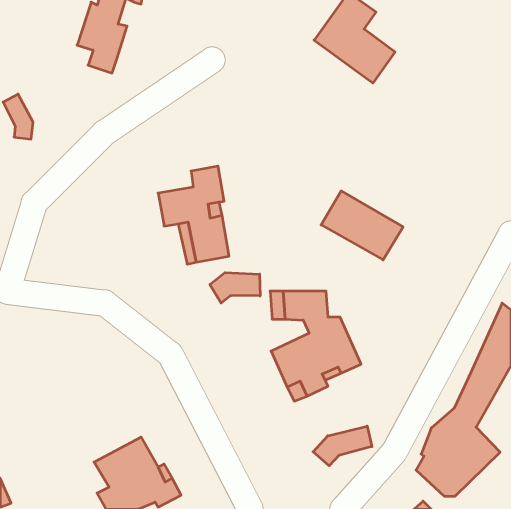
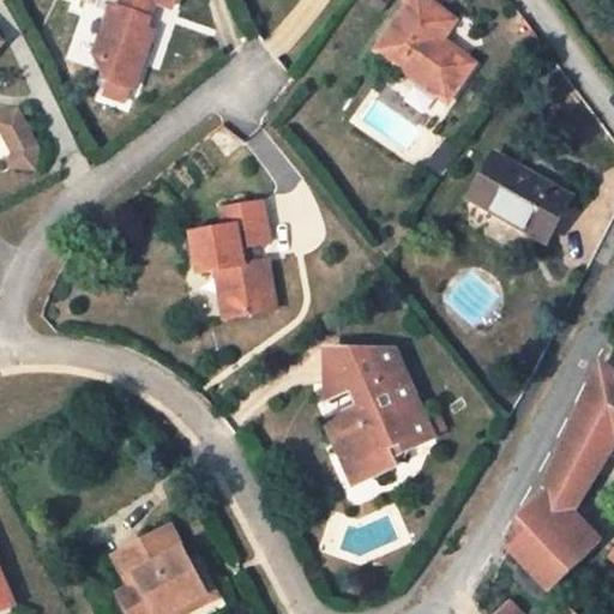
building: [321,191,403,260] -> [470,155,568,237]
building: [210,273,260,303] -> none
building: [313,426,372,466] -> none

